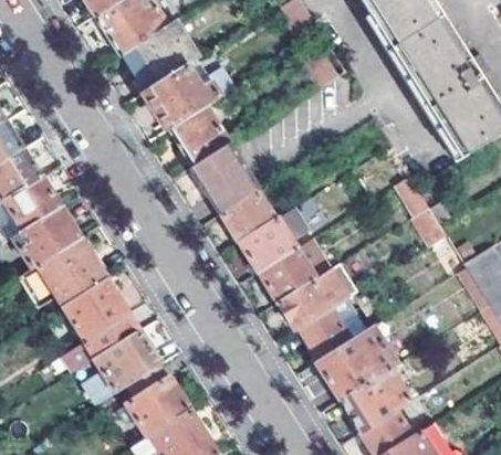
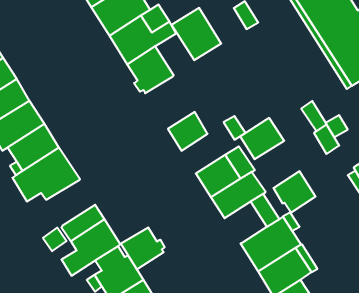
building: [192,145,258,213] -> [171,8,221,60]
building: [240,218,298,272] -> [240,118,284,159]
building: [63,279,127,340] -> none
building: [296,308,352,362] -> [273,171,316,213]
building: none -> [121,227,165,269]

